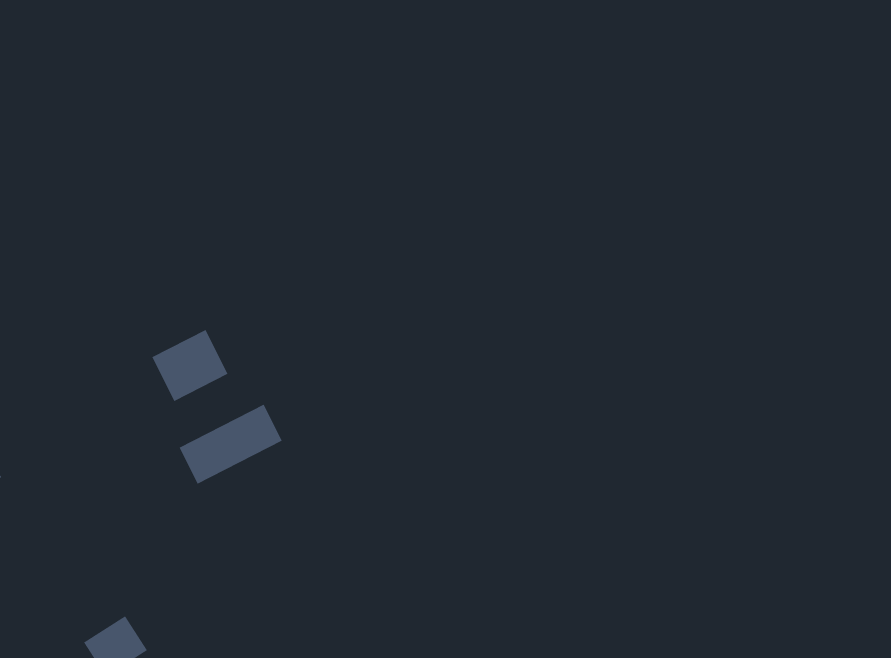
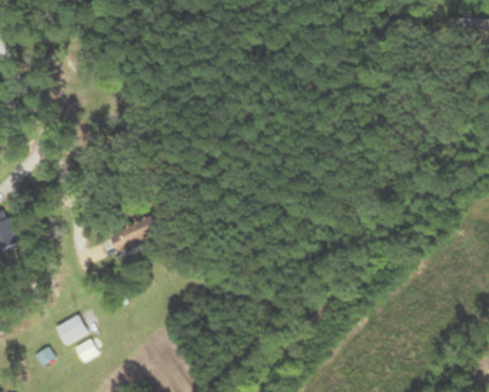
building: [151,329,228,402] -> none

